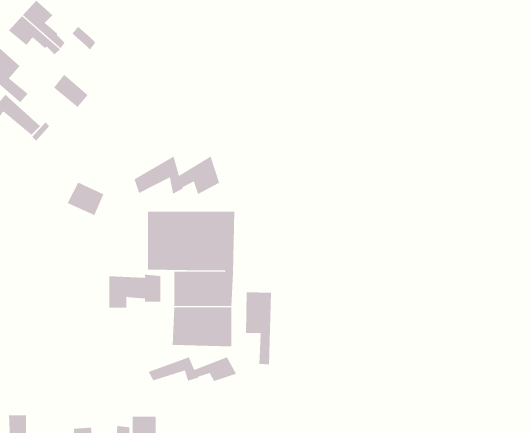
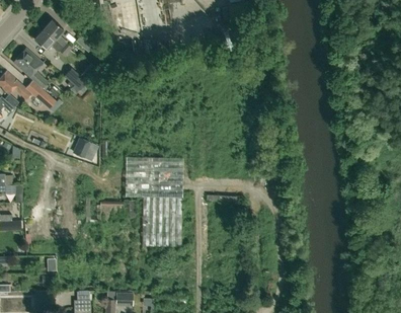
building: [134,156,220,195] -> none
building: [246,292,271,365] -> none
building: [148,357,237,382] -> none

